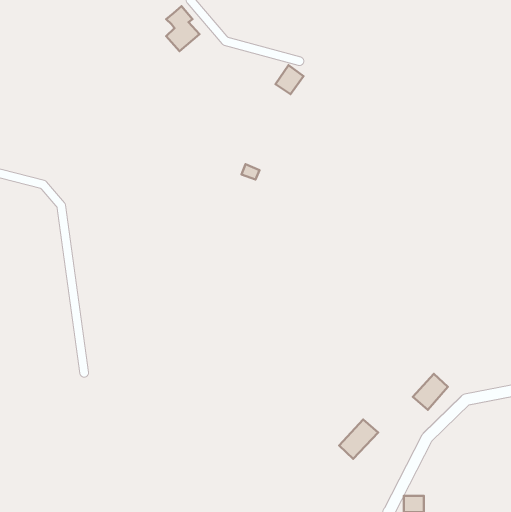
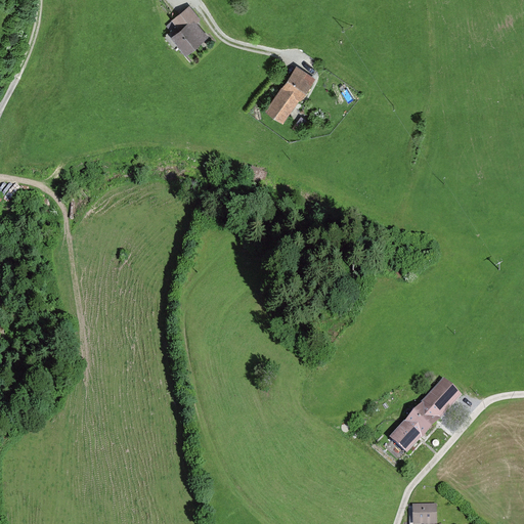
building: none -> [267,86,298,120]
building: [339,420,378,459] -> [398,405,438,445]

